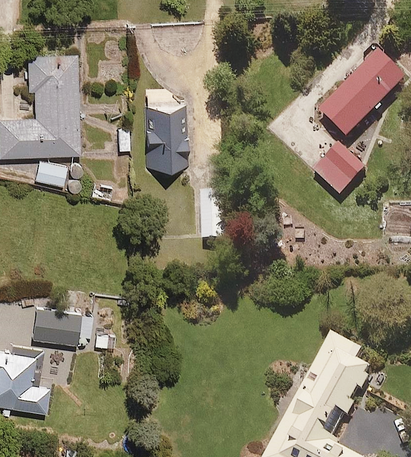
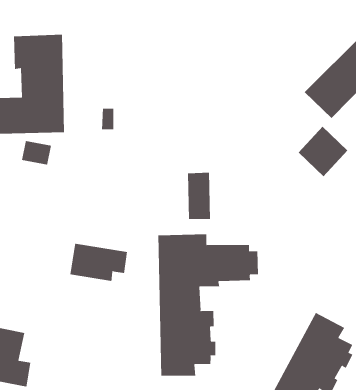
building: [140,99,185,174] -> none
building: none -> [158,233,258,377]
building: [31,304,90,343] -> [70,243,128,282]

